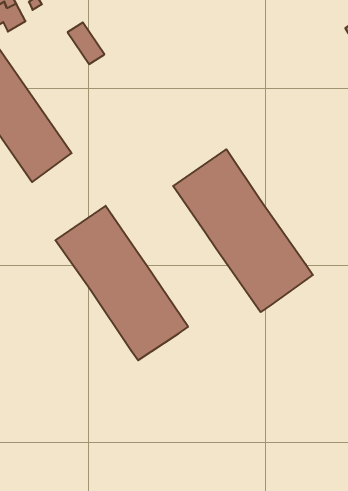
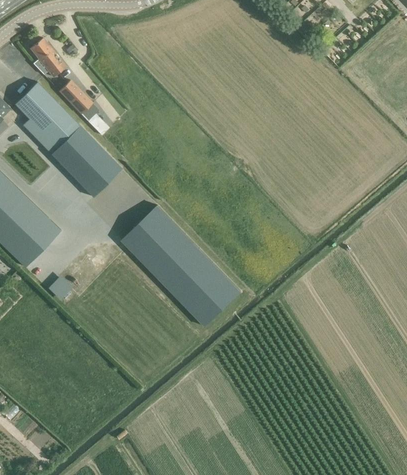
building: [68,22,104,64] -> [59,81,92,114]
building: [173,149,313,312] -> none

